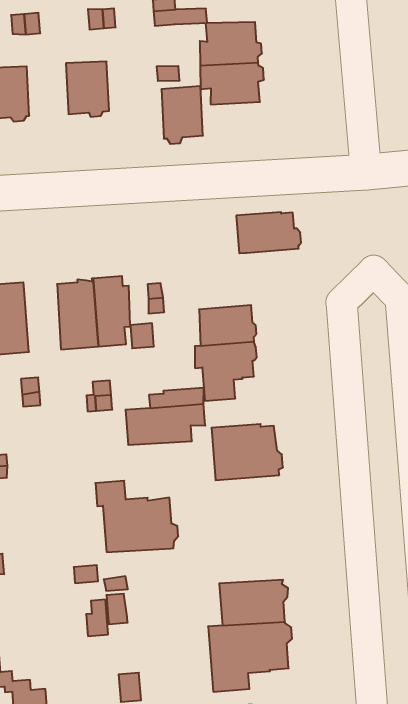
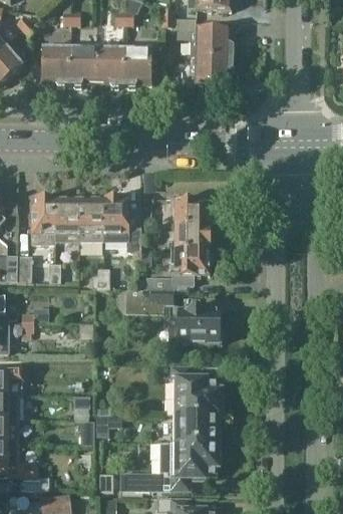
building: none -> [69,47,97,85]
building: [161,86,203,144] -> [124,48,152,86]
building: [236,212,301,253] -> [170,198,214,224]
building: none -> [56,197,79,244]
building: [95,481,178,552] -> [170,365,225,415]
building: none -> [120,473,164,489]

